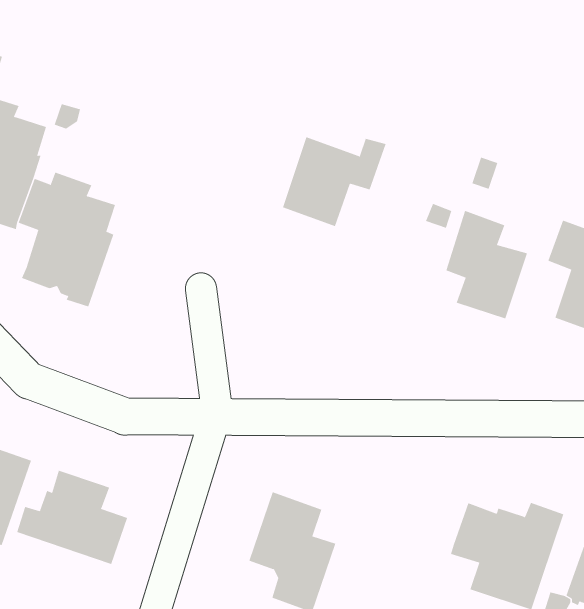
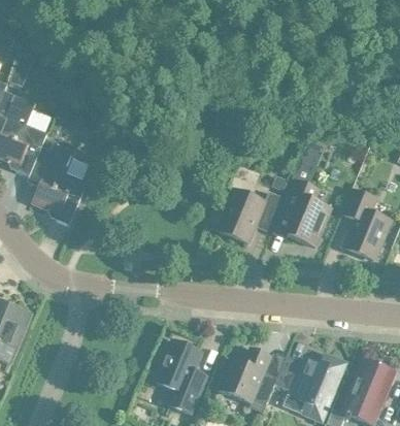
building: [282,136,386,227] -> [216,189,280,243]
building: [16,470,128,565] -> none
building: none -> [219,349,276,405]

